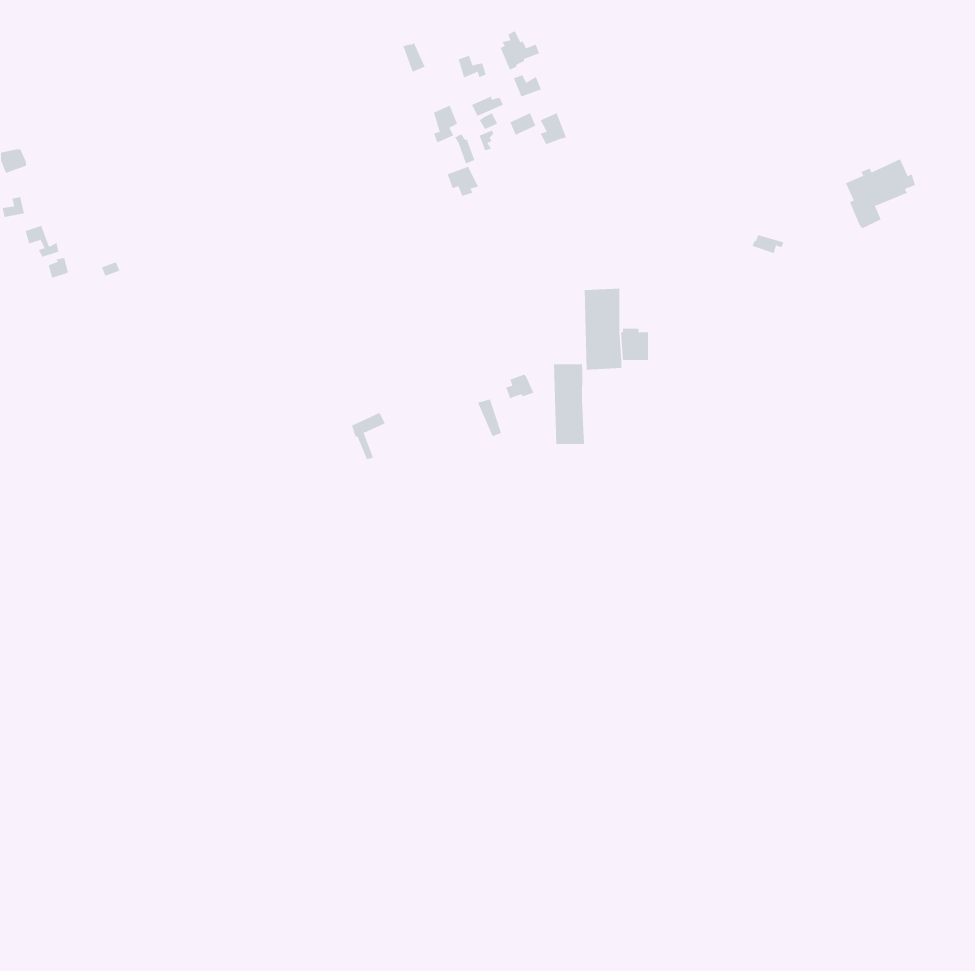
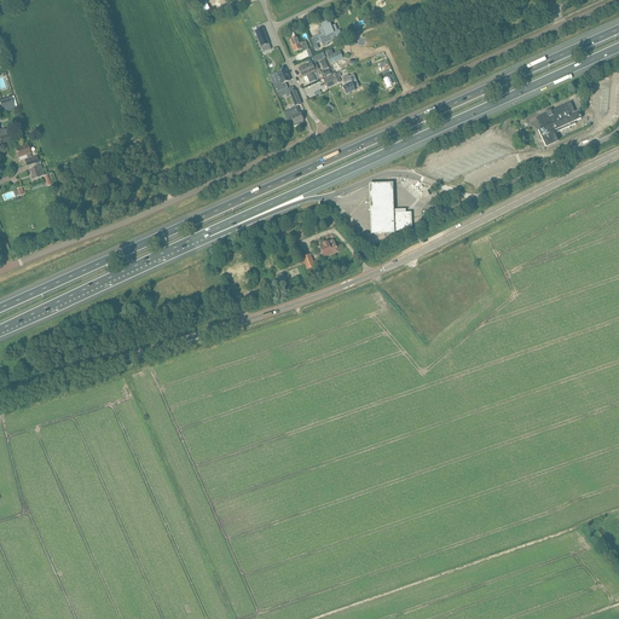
building: [553,363,585,445] -> none

